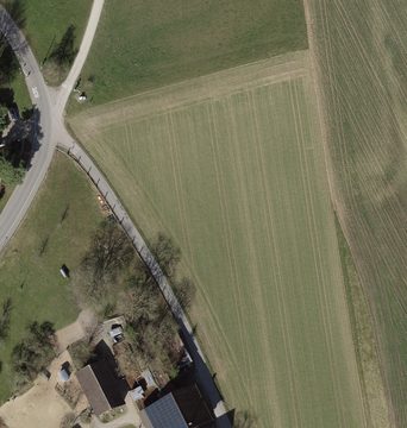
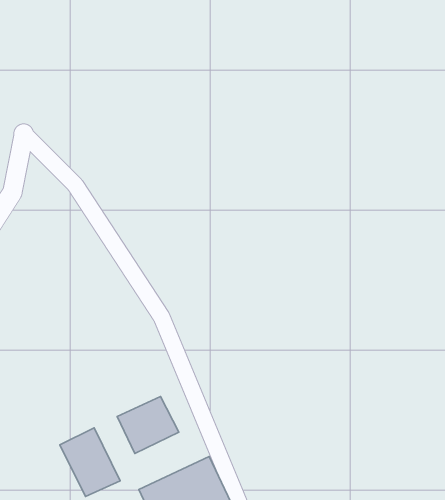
building: none -> [117,396,179,454]

